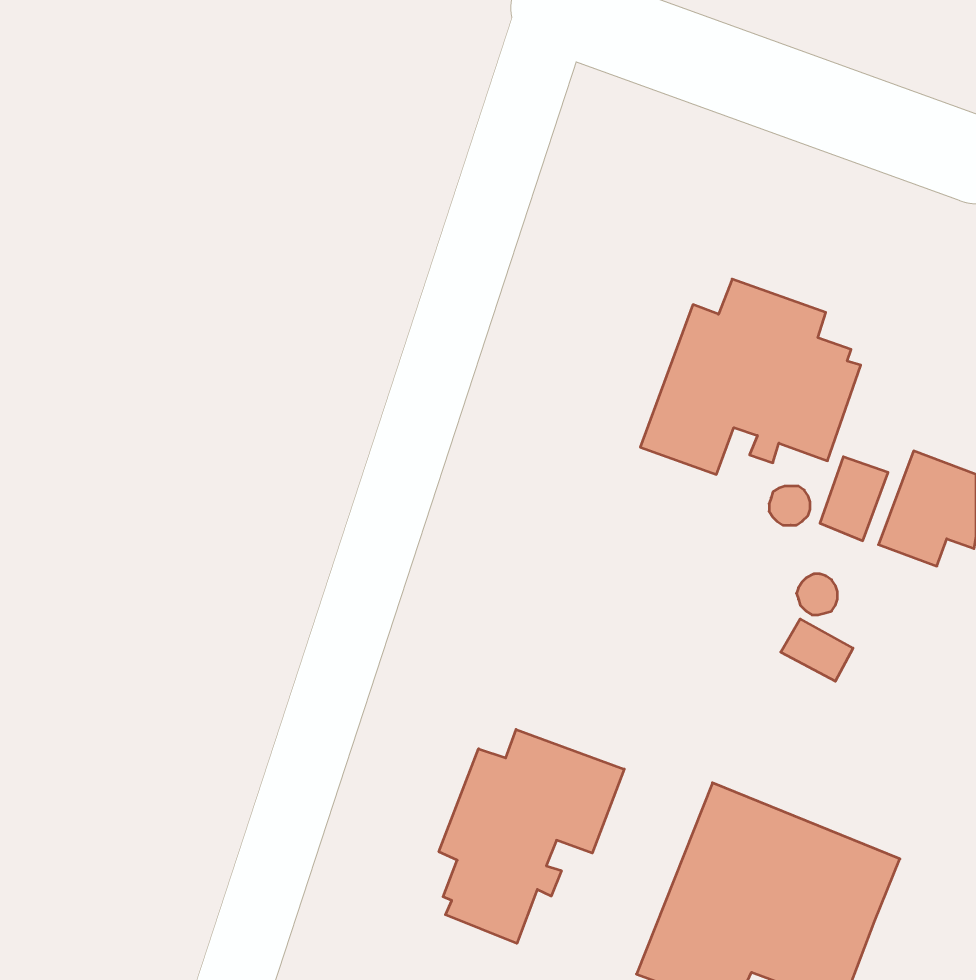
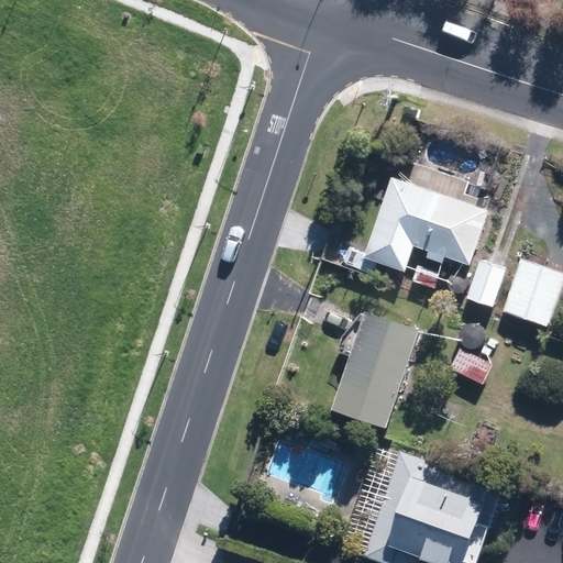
building: none -> [333,311,423,429]
building: [439,729,624,943] -> none

